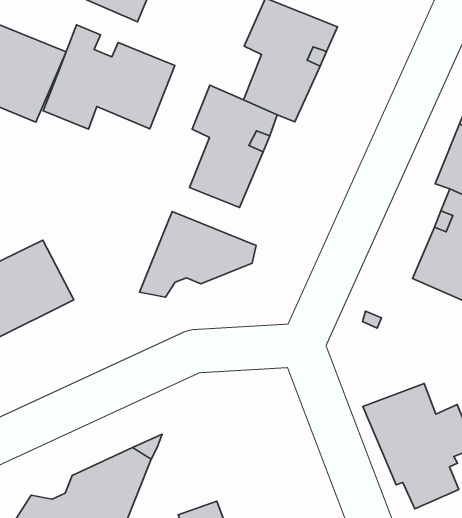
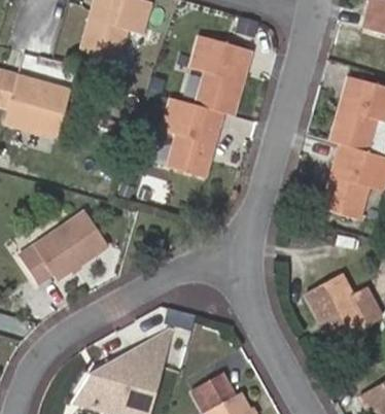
building: [43,25,175,129] -> none
building: [139,212,256,297] -> none

